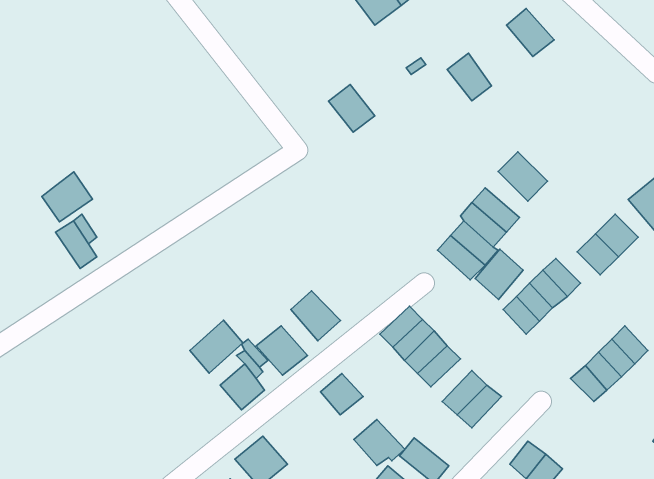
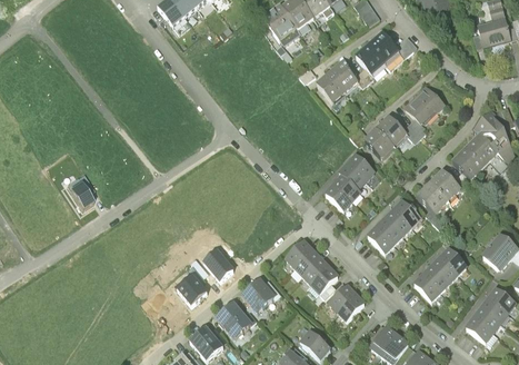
building: none -> [356,45,387,78]
building: [329,85,375,132] -> [315,75,346,107]
building: none -> [403,86,446,128]
building: none -> [377,118,409,150]
building: [42,172,92,222] -> none
building: [475,249,523,299] -> none
building: [291,291,341,341] -> none
building: [190,320,243,373] -> none
building: [354,420,405,466] -> [216,302,250,333]

